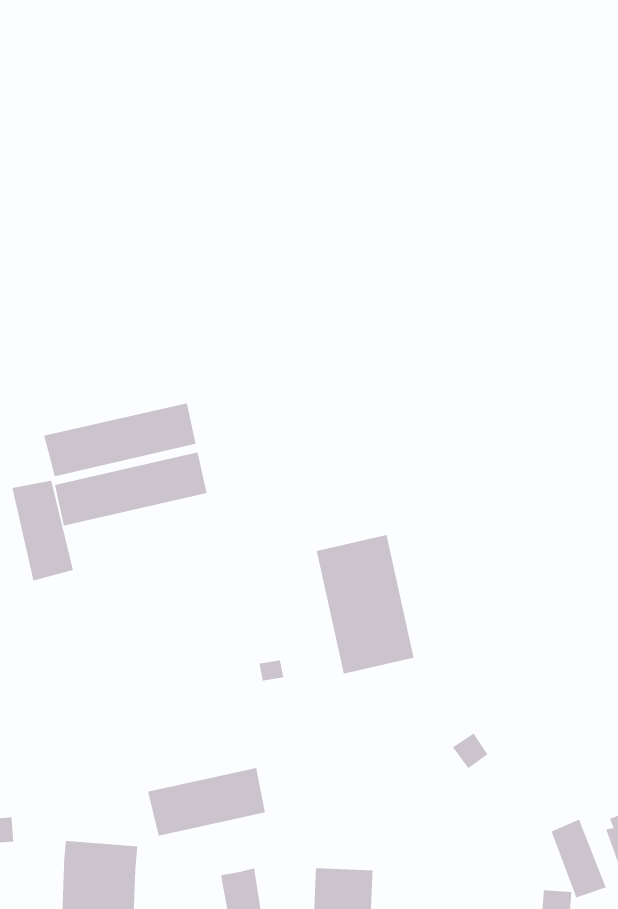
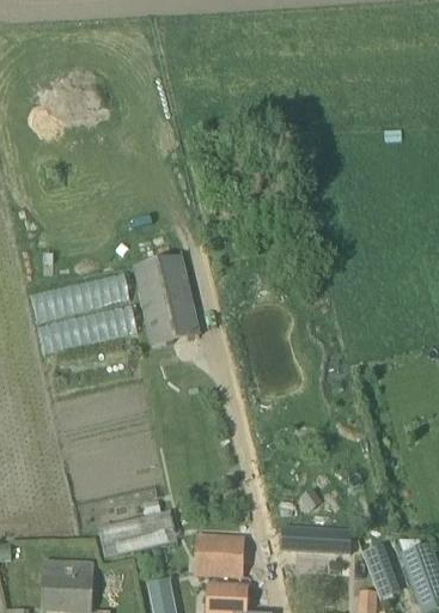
building: [11,480,74,582] -> none
building: [316,534,414,675] -> [134,255,199,347]
building: none -> [280,529,350,553]
building: none -> [194,538,243,578]

